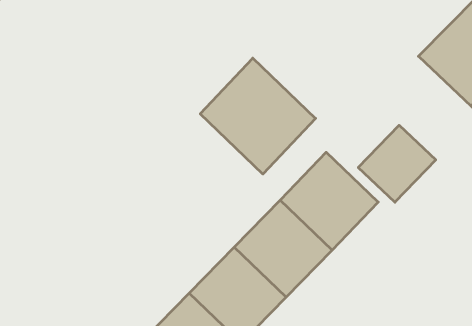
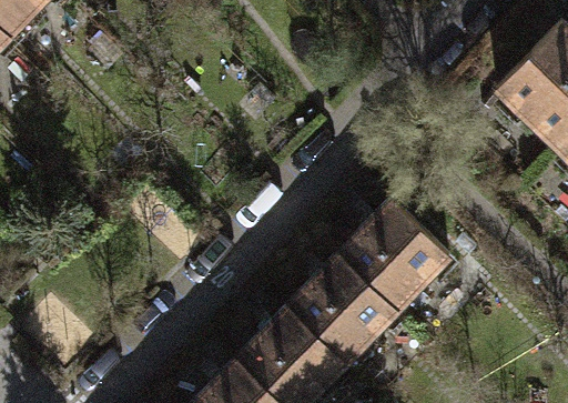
building: [200,58,316,174] -> none
building: [358,125,436,202] -> none

